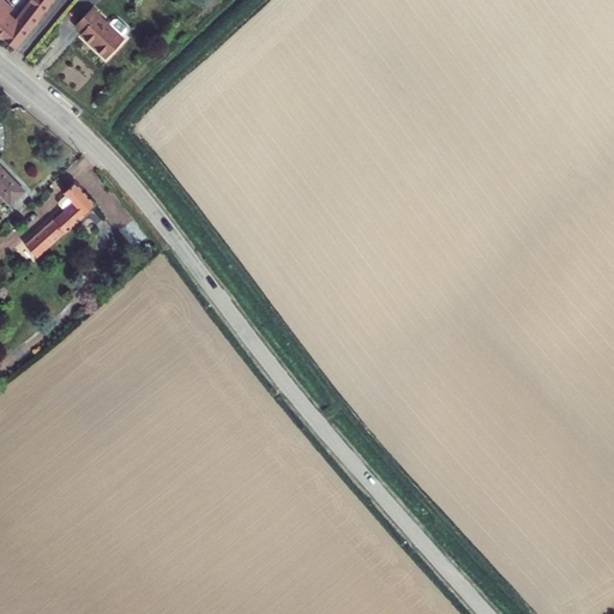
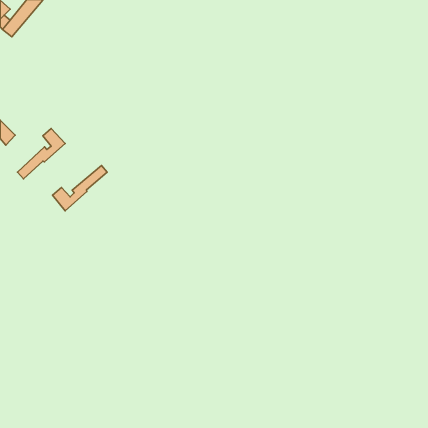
building: [78,7,126,59] -> none
building: none -> [53,166,107,211]

